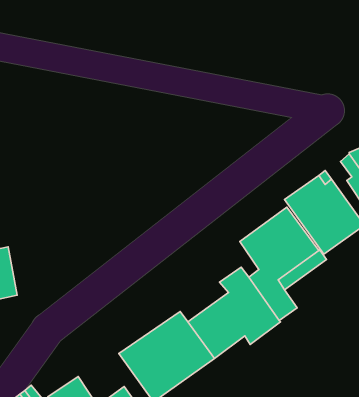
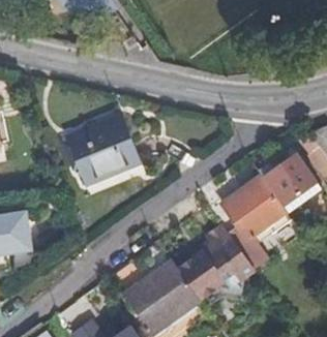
building: none -> [64,114,139,184]

